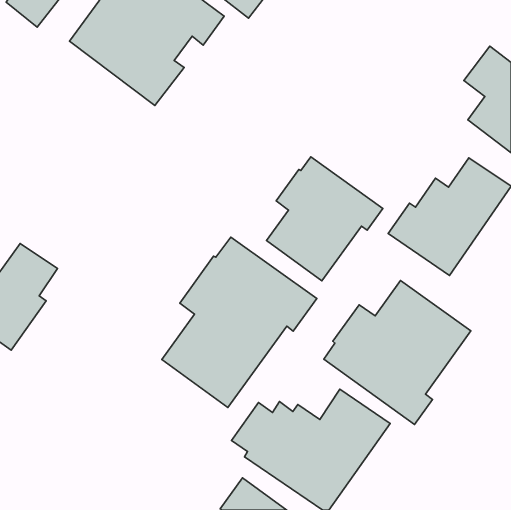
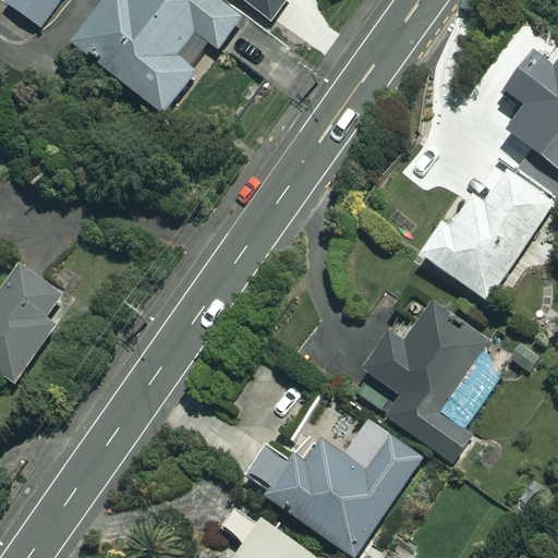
building: [266,157,383,281] -> none
building: [162,237,317,408] -> none

